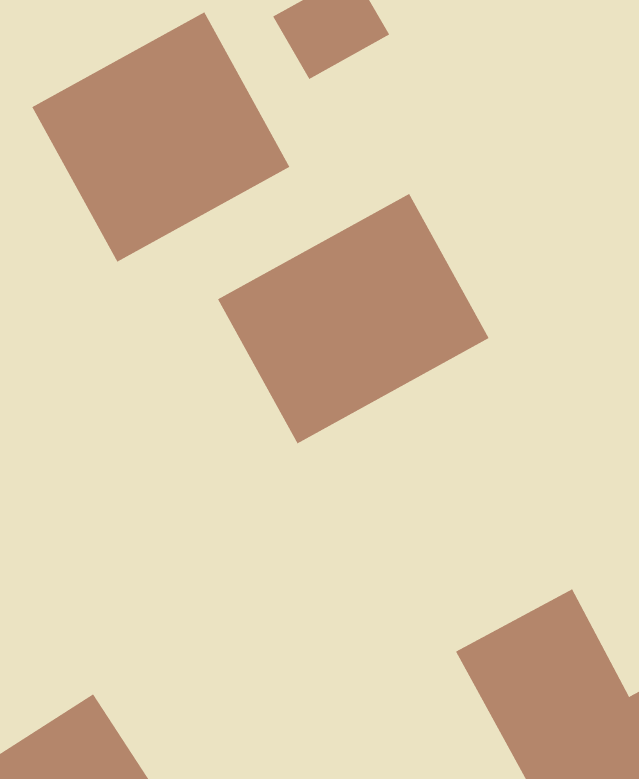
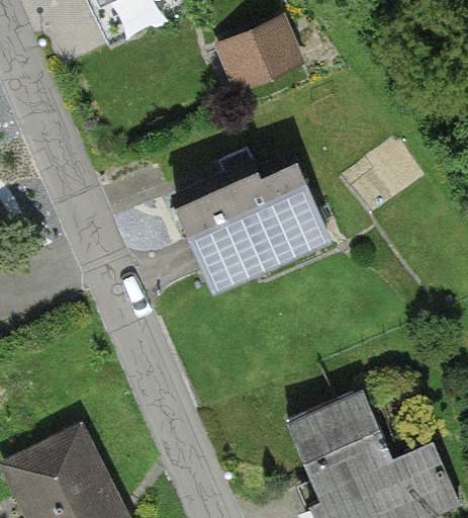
building: [31,11,290,262] -> none

